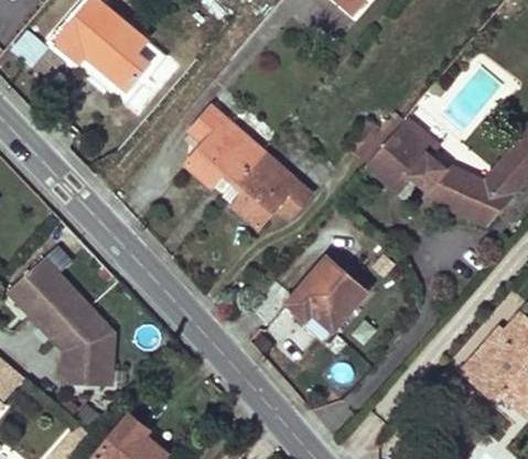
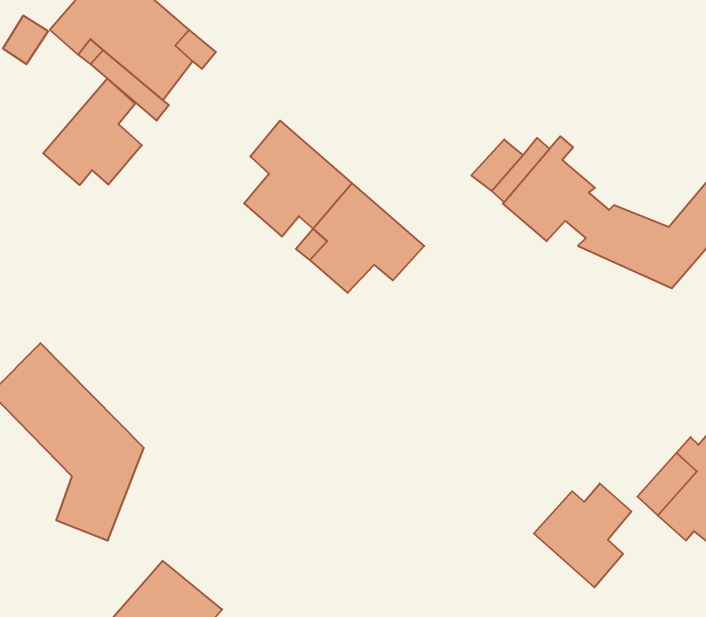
building: none -> [43,78,142,185]
building: [288,255,368,341] -> none
building: none -> [534,483,631,587]

